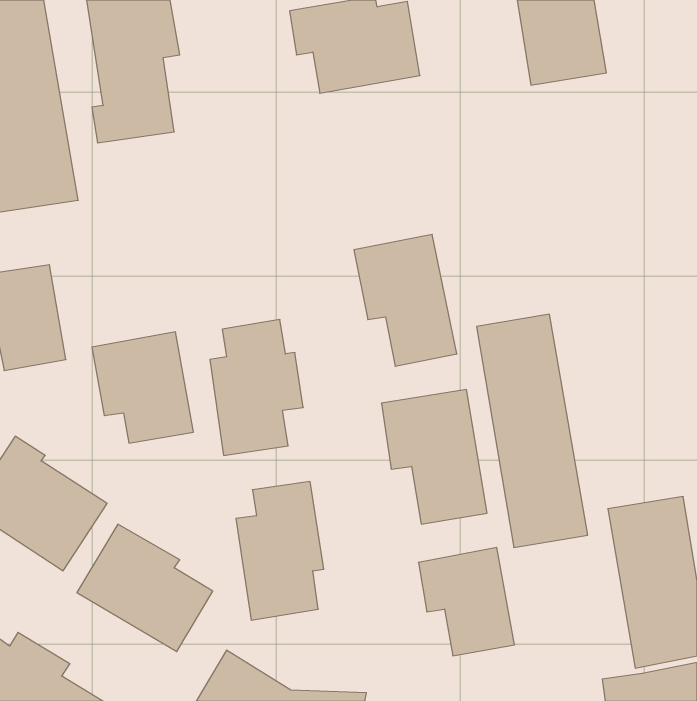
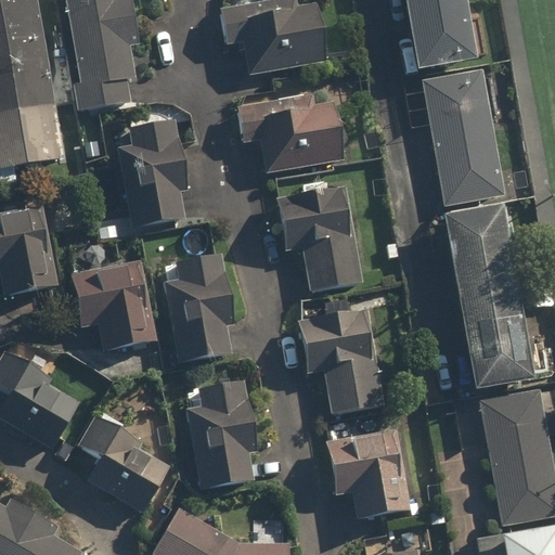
building: none -> [421,65,505,208]
building: none -> [237,83,348,170]
building: none -> [117,117,189,223]
building: [477,314,588,547] -> [449,203,537,387]

